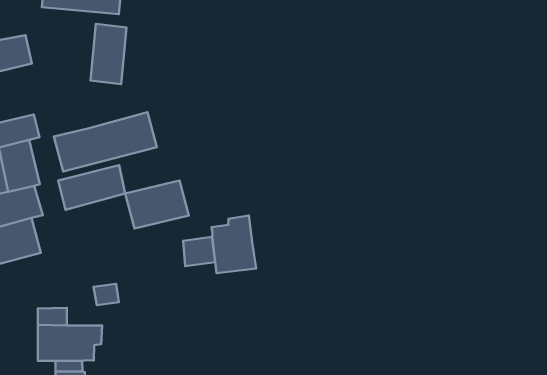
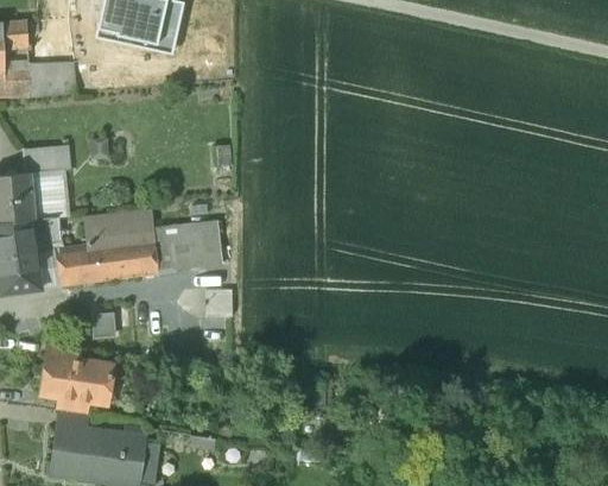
building: [91,24,126,84] -> none
building: [54,112,157,172] -> [53,236,157,285]
building: [211,215,256,273] -> none

